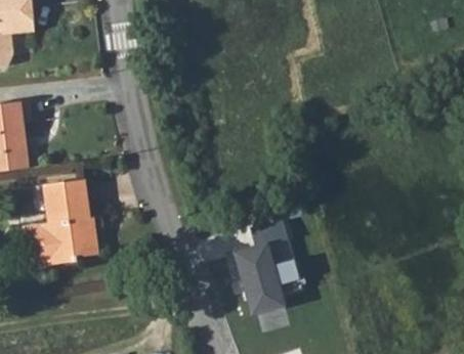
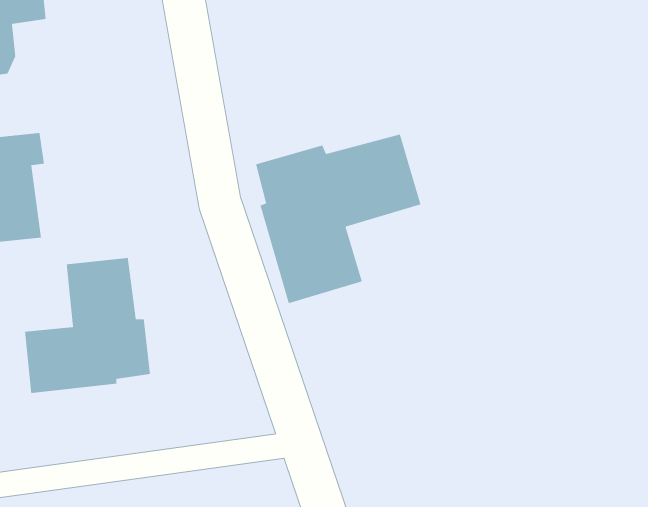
building: none -> [255,134,422,304]
building: [236,218,300,310] -> none

